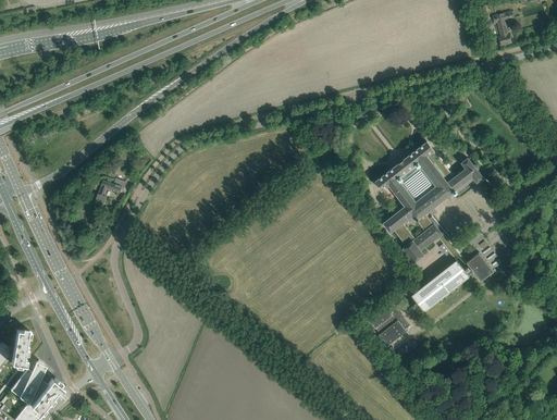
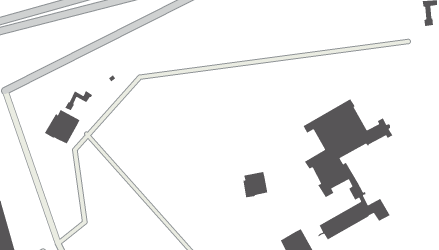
building: none -> [44,109,80,144]
building: none -> [242,171,268,198]

